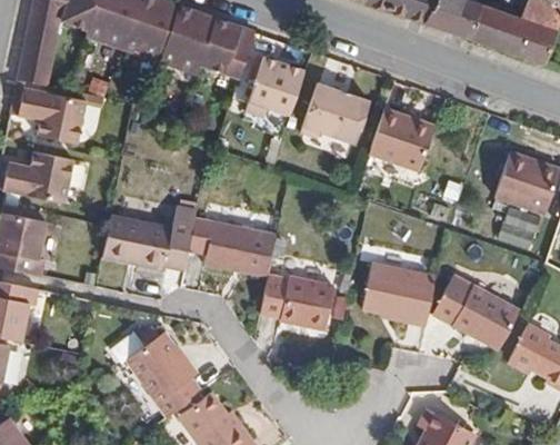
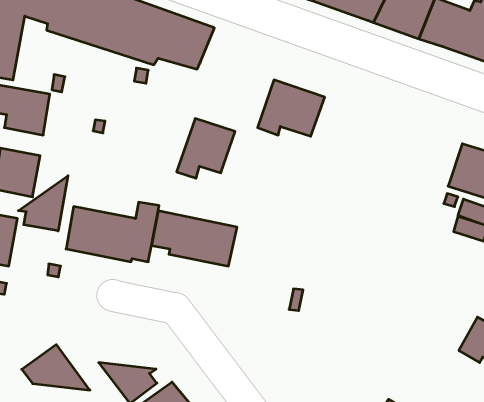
building: [242,56,302,117] -> [177,119,235,178]
building: [366,110,432,170] -> none
building: none -> [18,176,68,231]
building: [358,263,433,328] -> none
building: [261,275,330,332] -> none
building: [436,277,520,347] -> none
building: [124,334,194,380] -> [22,345,90,390]

